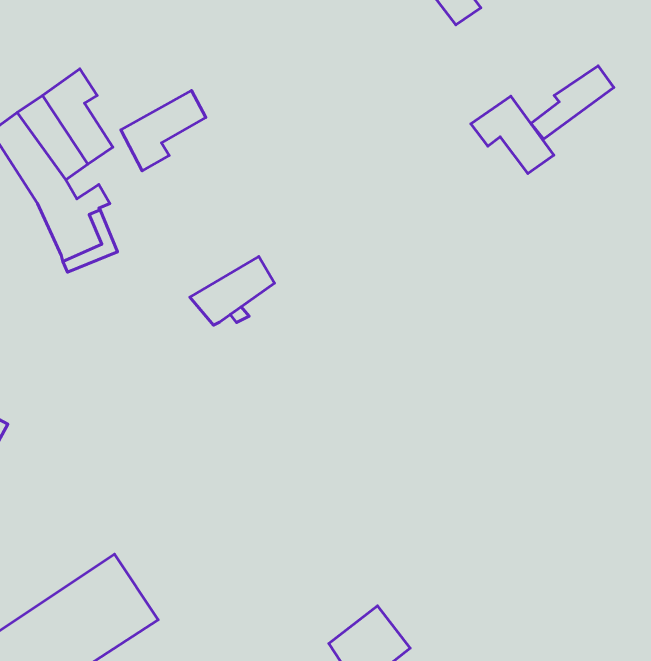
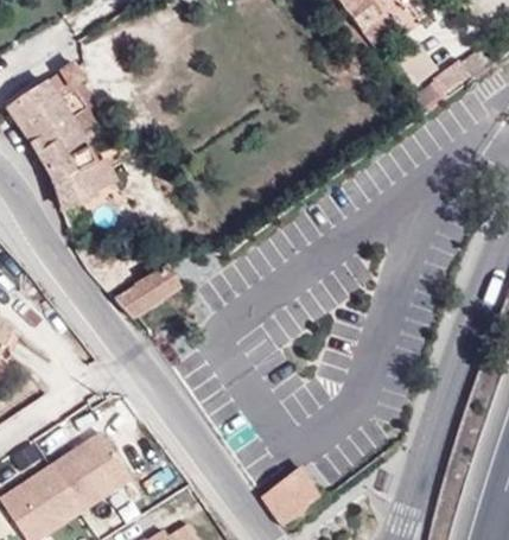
building: [121,91,206,171] -> none
building: [471,96,554,174] -> none
building: [190,256,274,325] -> [117,267,182,319]

